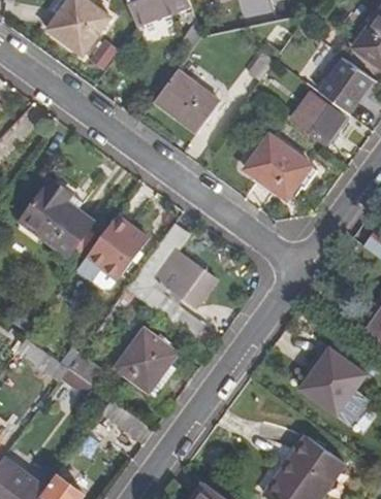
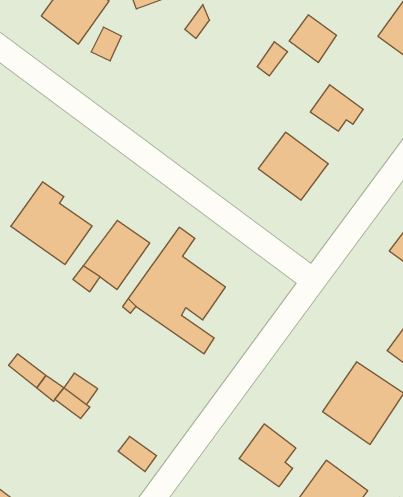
building: [323,60,367,103] -> [289,15,337,62]
building: [153,70,217,130] -> none
building: [114,328,176,391] -> none
building: none -> [239,424,296,487]

